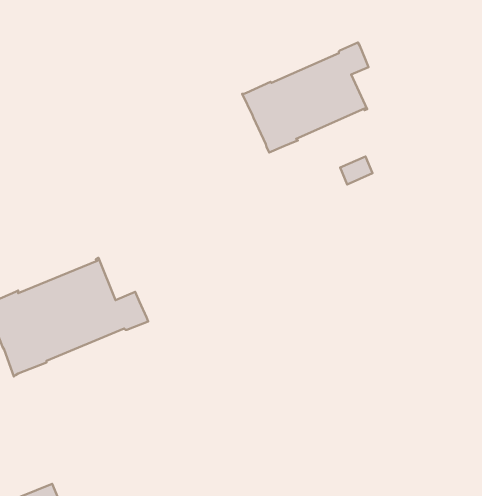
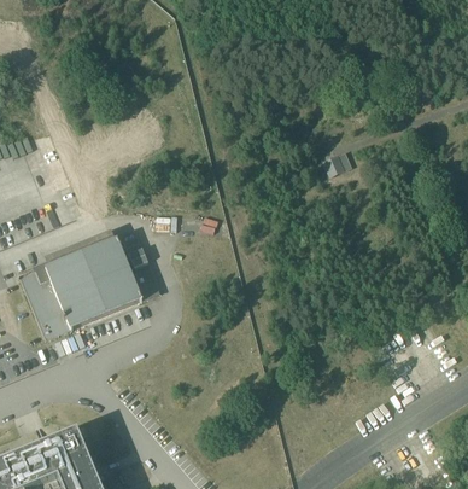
building: [242,42,369,152] -> none

